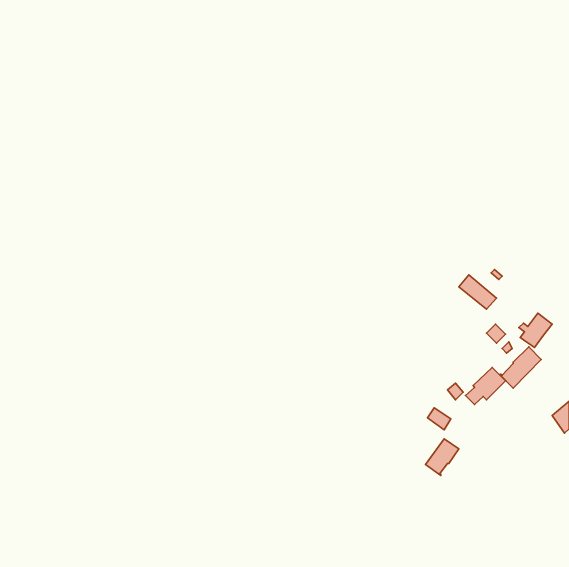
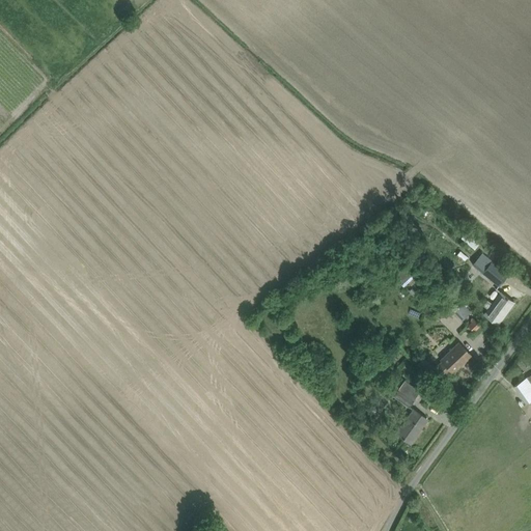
building: [459,275,497,309] -> [472,254,507,286]
building: [500,347,541,388] -> none

